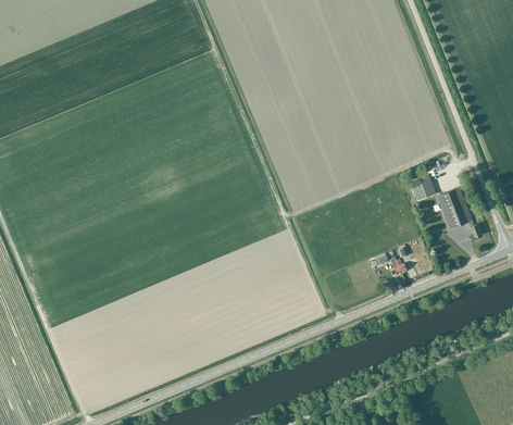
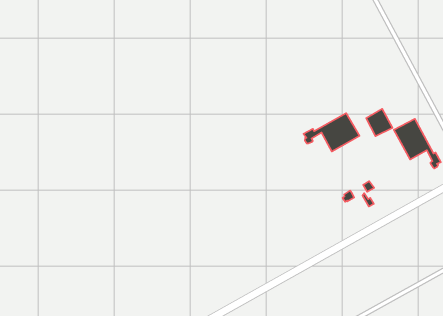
building: none -> [304,113,360,152]

